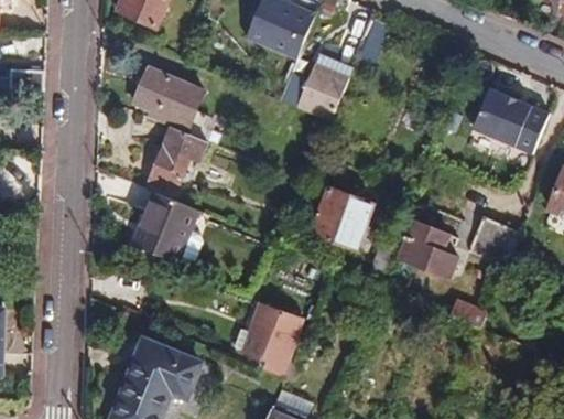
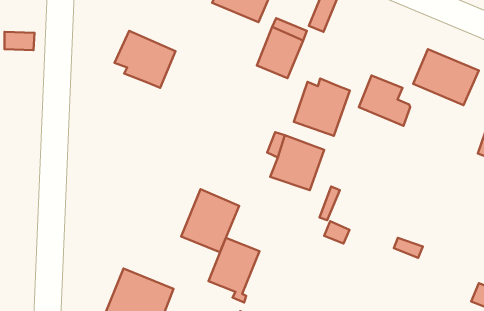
building: none -> [294,79,350,136]
building: [147,127,205,194] -> none
building: [131,192,197,264] -> [181,189,239,252]
building: [467,216,520,268] -> none
building: [399,222,457,279] -> [359,75,410,126]

